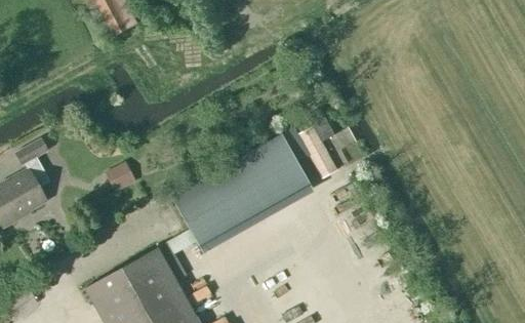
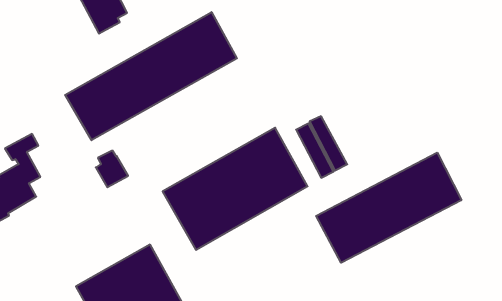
building: none -> [65,12,237,140]
building: none -> [316,153,461,263]

